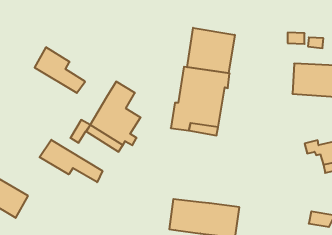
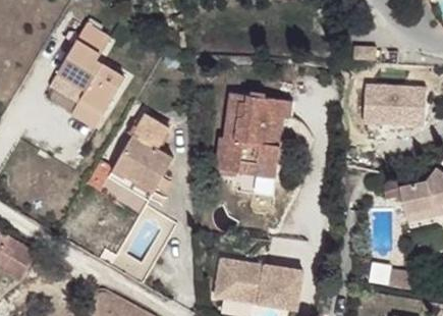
building: none -> [58,19,127,110]
building: [187,28,235,73] -> none
building: [40,140,102,182] -> none

